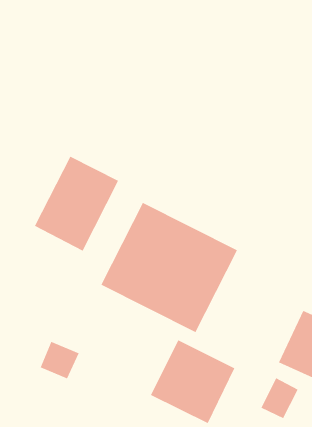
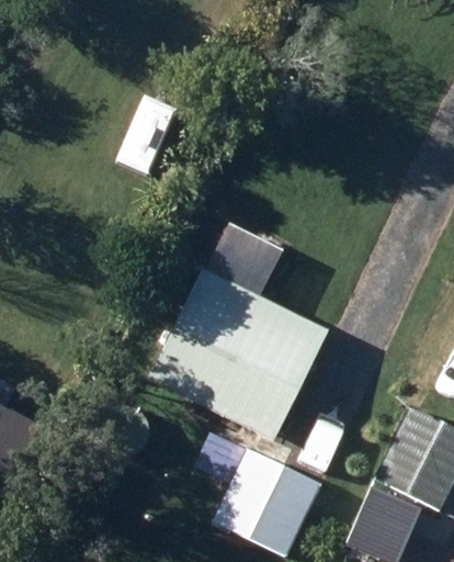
building: [34,156,119,251] -> none

